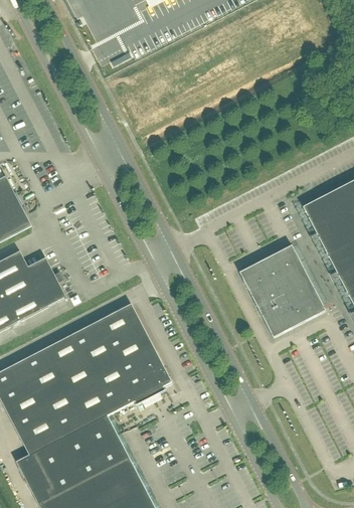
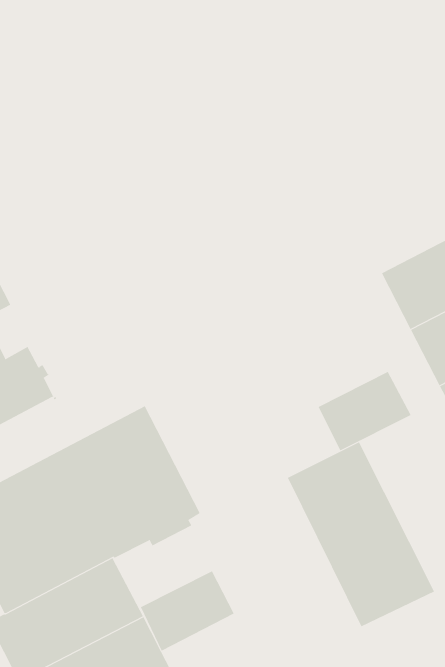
building: [240,244,309,303] -> none
building: none -> [287,441,435,627]
building: none -> [140,571,234,651]

